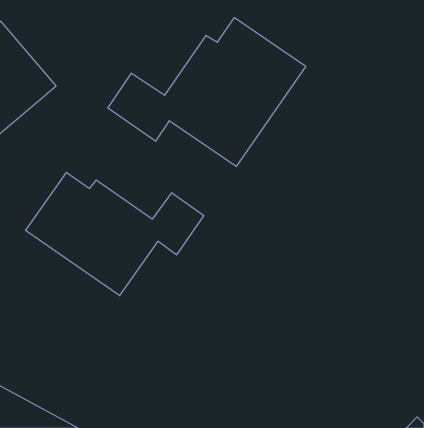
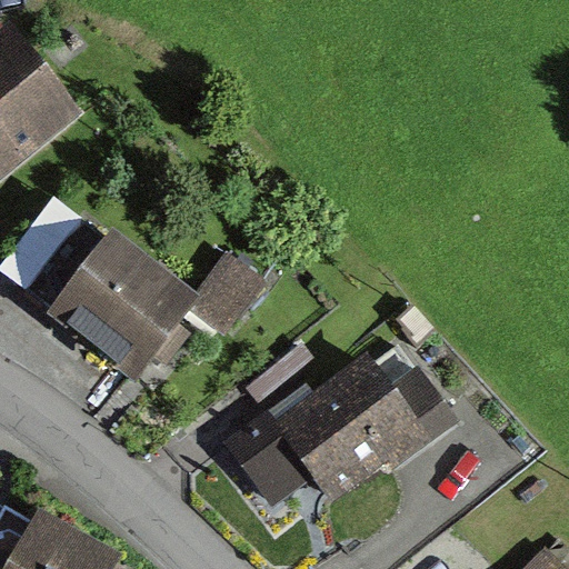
building: [108,18,306,167] -> none
building: none -> [227,360,453,508]

